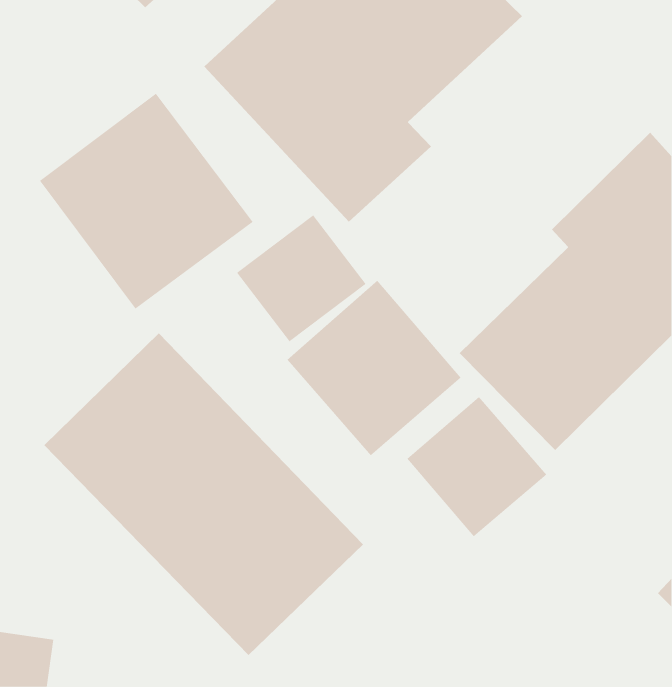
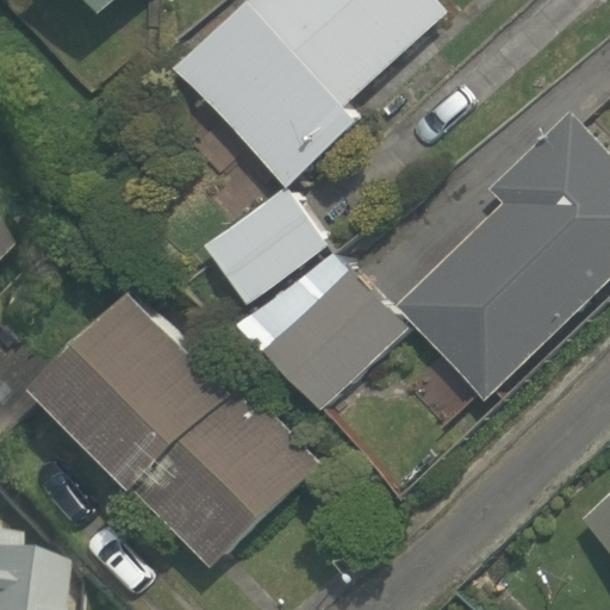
building: [39,93,254,309] -> none
building: [406,396,547,537] -> none

